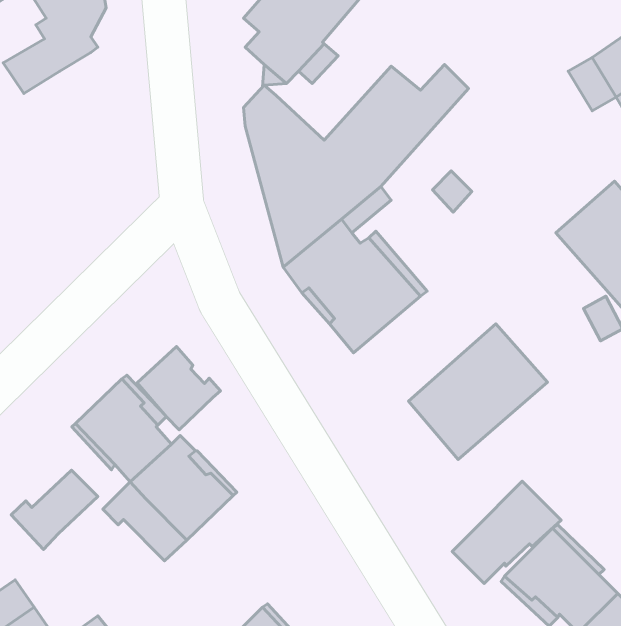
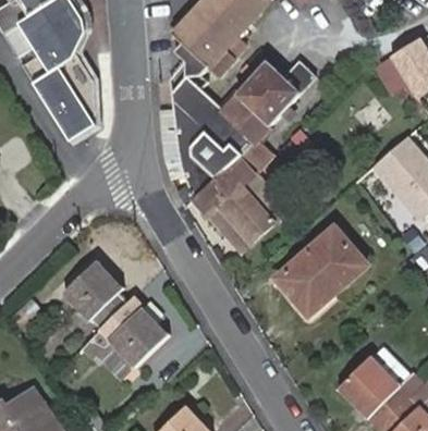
building: none -> [34,54,97,146]
building: [137,347,220,430] -> none
building: [11,470,98,550] -> none
building: [452,481,561,583] -> none

